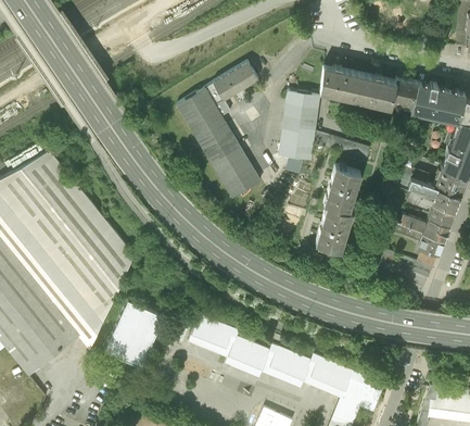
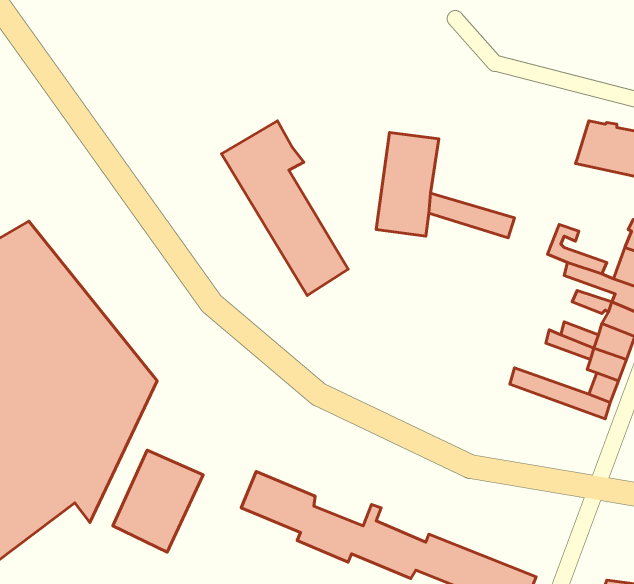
building: [213,62,258,101] -> none
building: [320,66,419,109] -> none
building: [316,165,360,252] -> none

